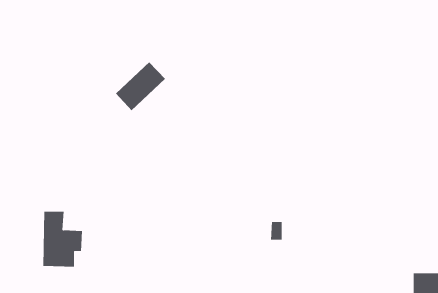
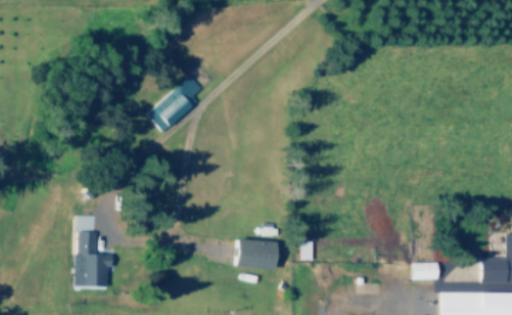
building: none -> [236,238,276,269]
building: none -> [414,262,439,280]

